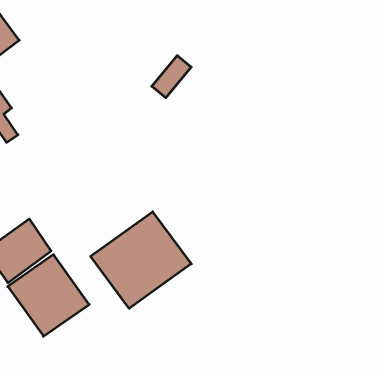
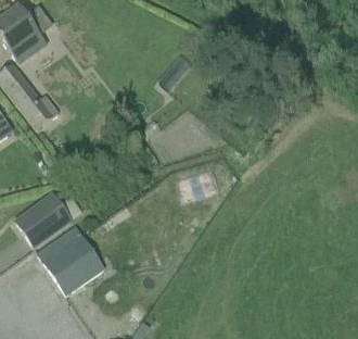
building: [91,212,191,308] -> none

